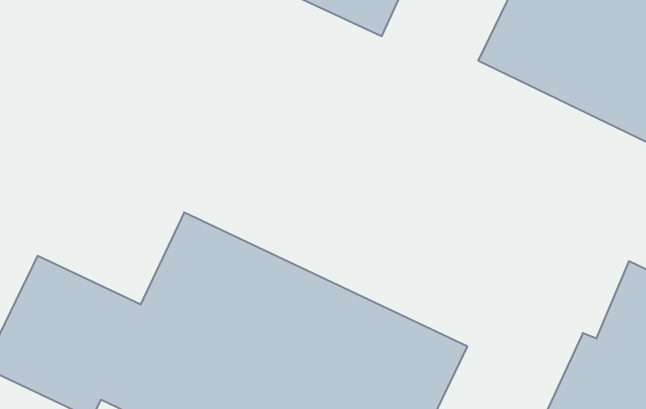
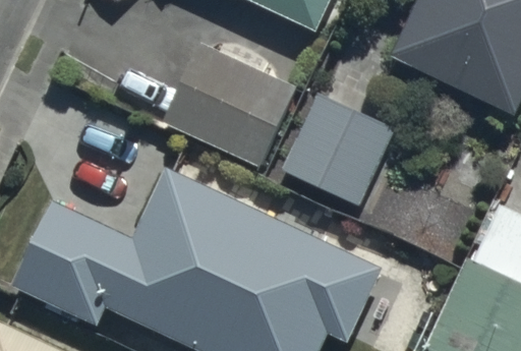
building: none -> [169,48,297,169]
building: none -> [277,93,394,207]

